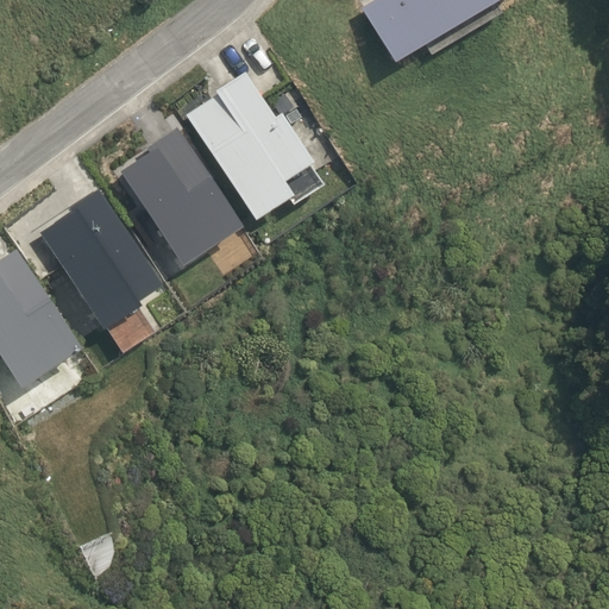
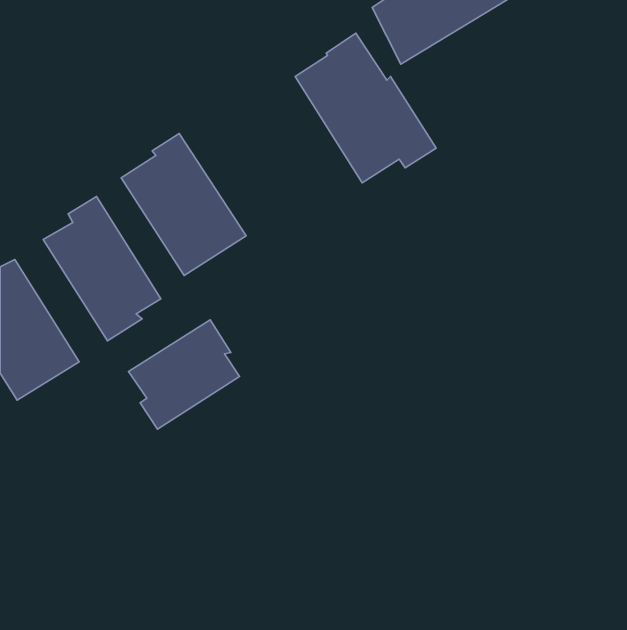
building: [186,73,321,216] -> [295,33,436,183]
building: none -> [129,320,239,429]

